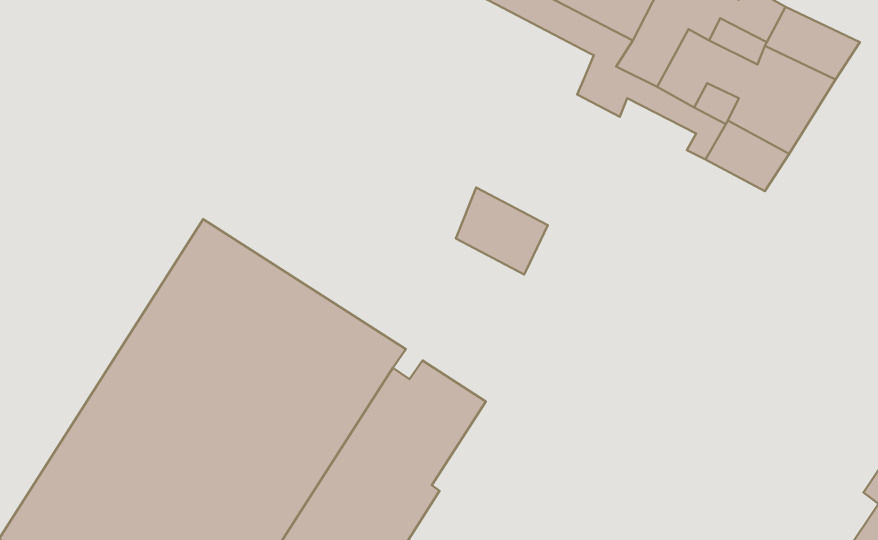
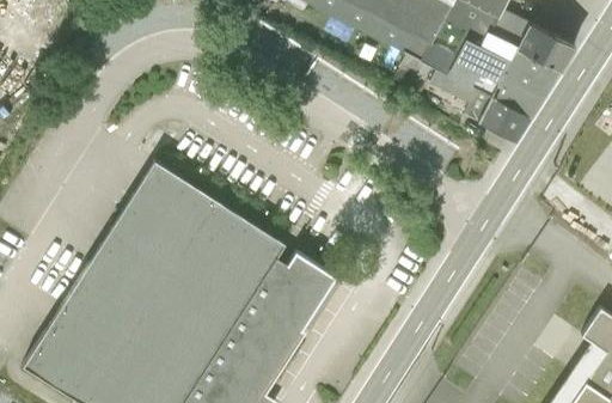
building: [456,187,548,274] -> none

